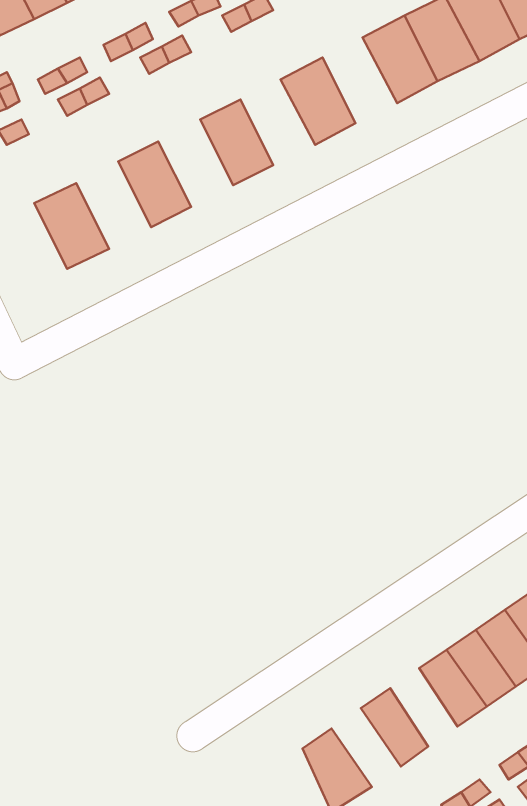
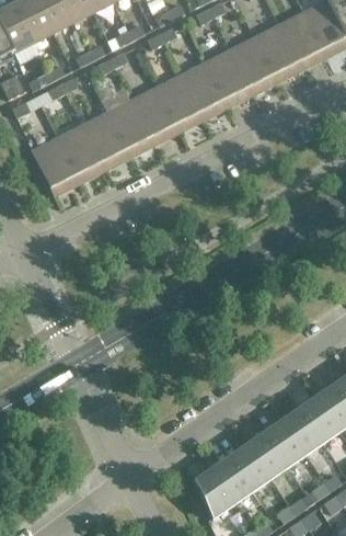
building: none -> [207,50,252,102]
building: none -> [158,76,203,127]
building: none -> [108,100,153,152]
building: none -> [59,125,104,178]
building: none -> [247,430,288,477]
building: none -> [212,454,254,501]

